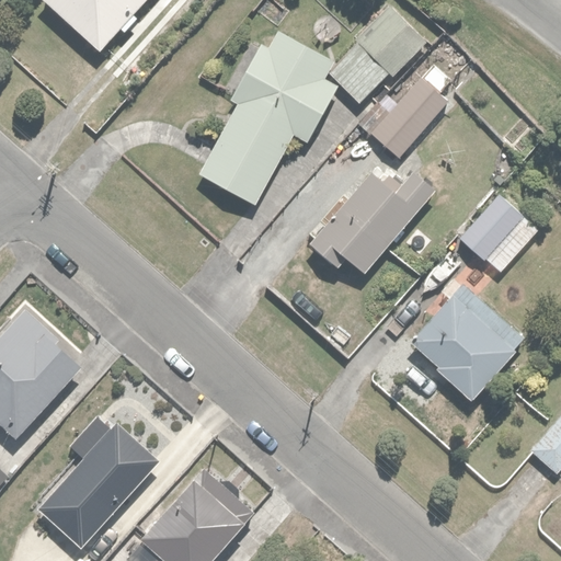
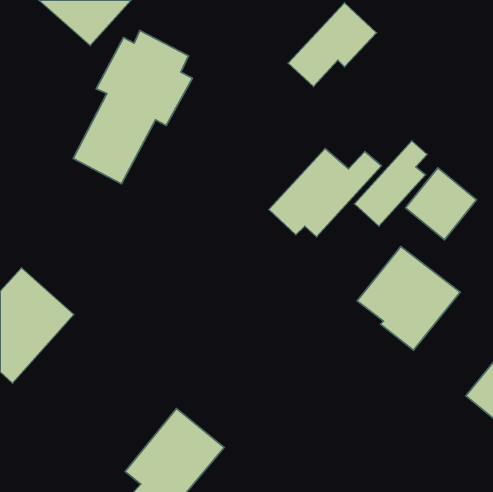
building: [201,33,335,206] -> [73,31,192,184]
building: [371,64,454,160] -> [355,141,427,226]
building: [41,404,170,542] -> none

